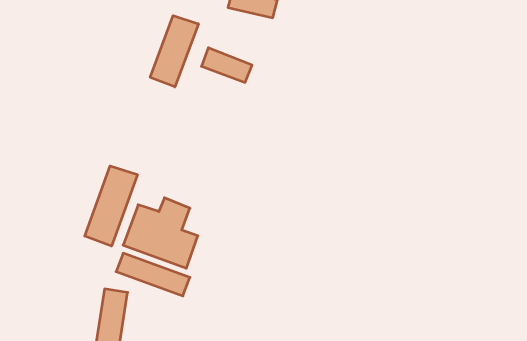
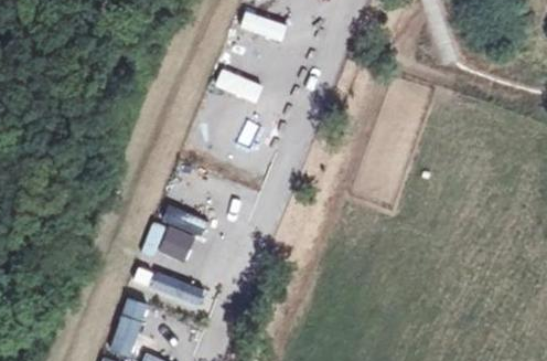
building: [150,16,198,87] -> none
building: [85,166,137,246] -> none

